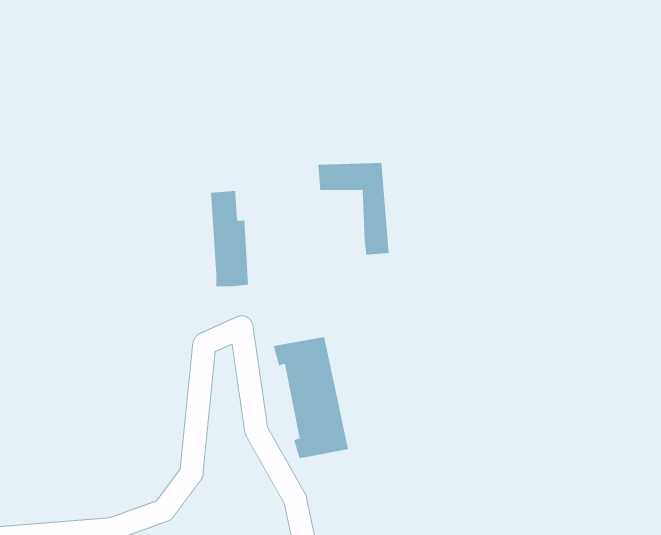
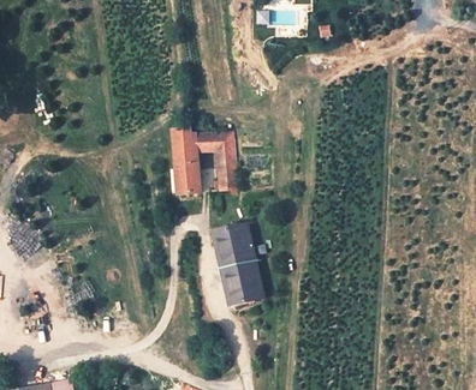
building: [318,163,390,255] -> [190,133,237,193]

